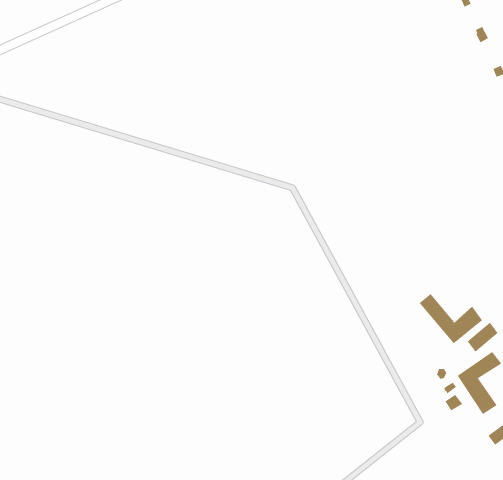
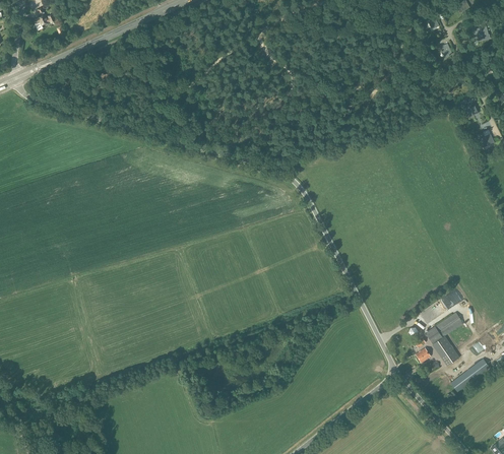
building: [419,293,483,344] -> none

